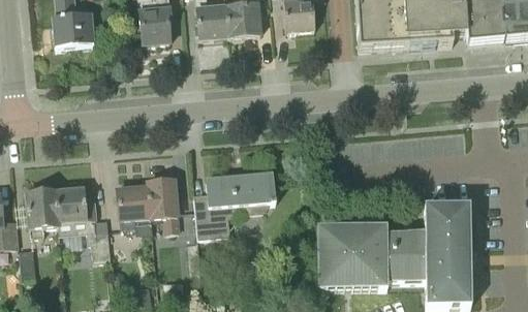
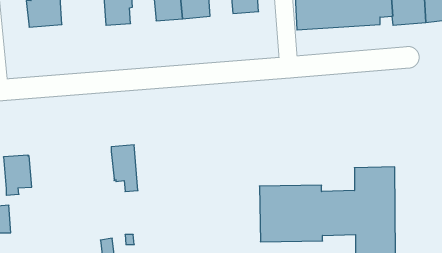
building: [194,170,275,237] -> none
building: [119,186,152,227] -> none
building: [56,189,112,260] -> none

